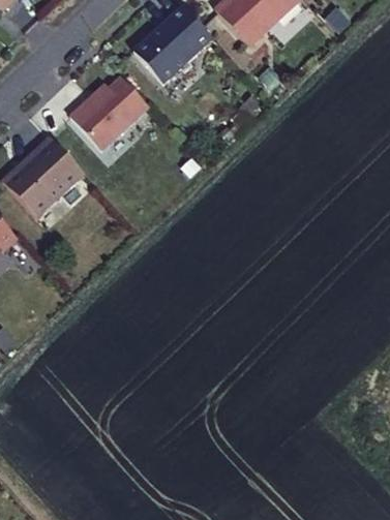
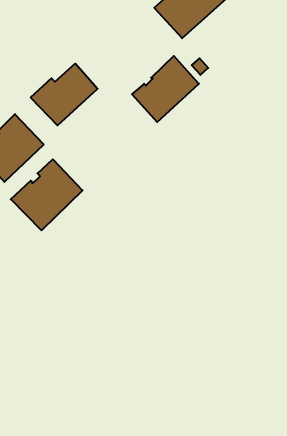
building: [132,5,212,84] -> [132,56,199,122]
building: none -> [11,159,83,230]

